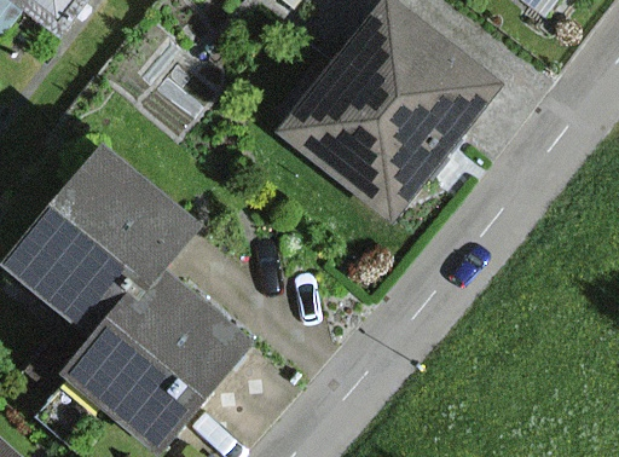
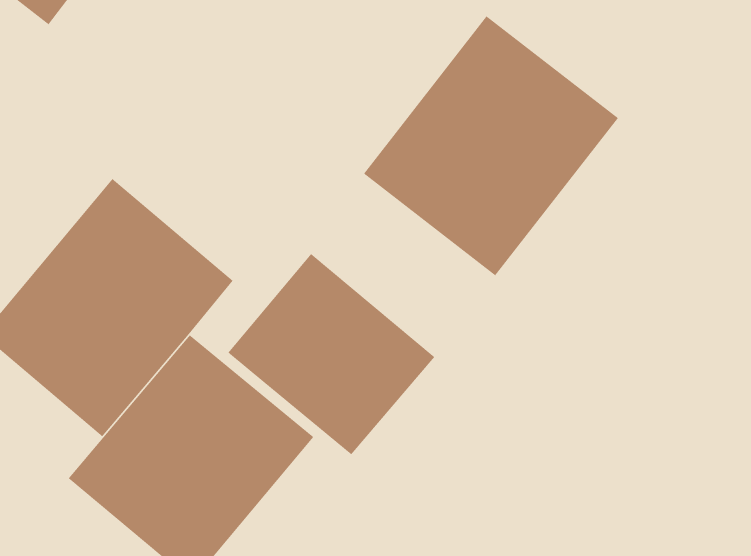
building: none -> [228,253,435,455]

